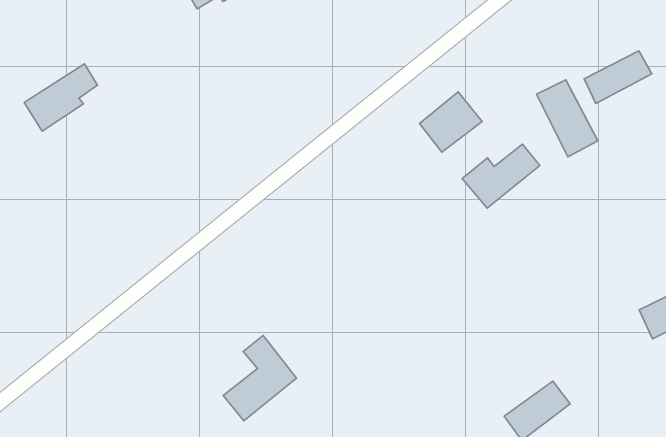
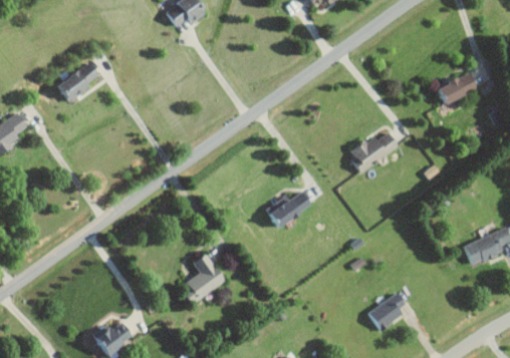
building: [537,80,598,157] -> none
building: [419,92,482,152] -> none
building: none -> [264,190,310,230]

